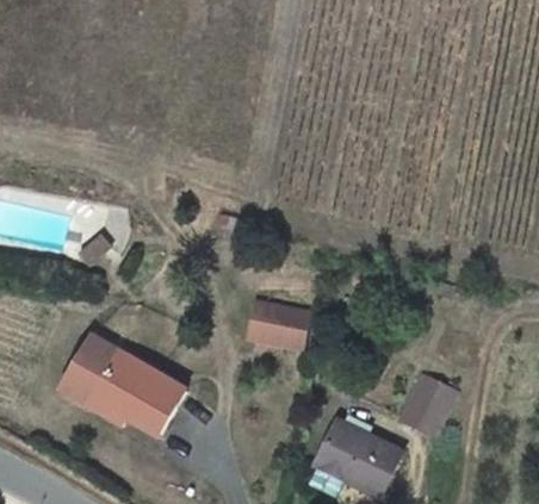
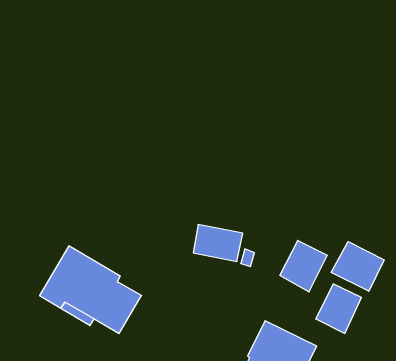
building: none -> [280,240,327,292]
building: none -> [331,242,384,291]

